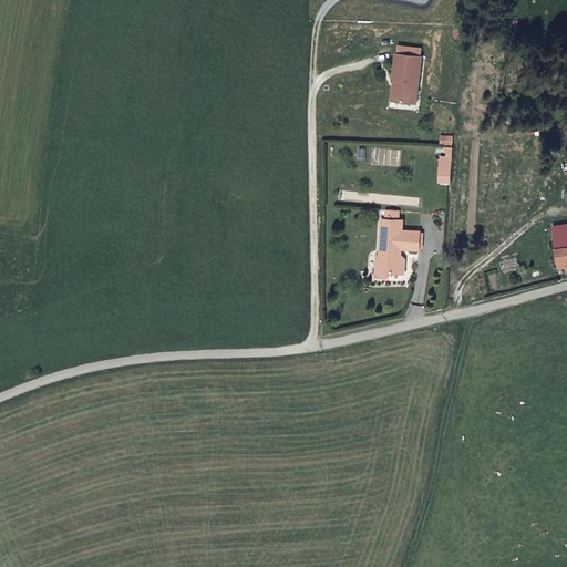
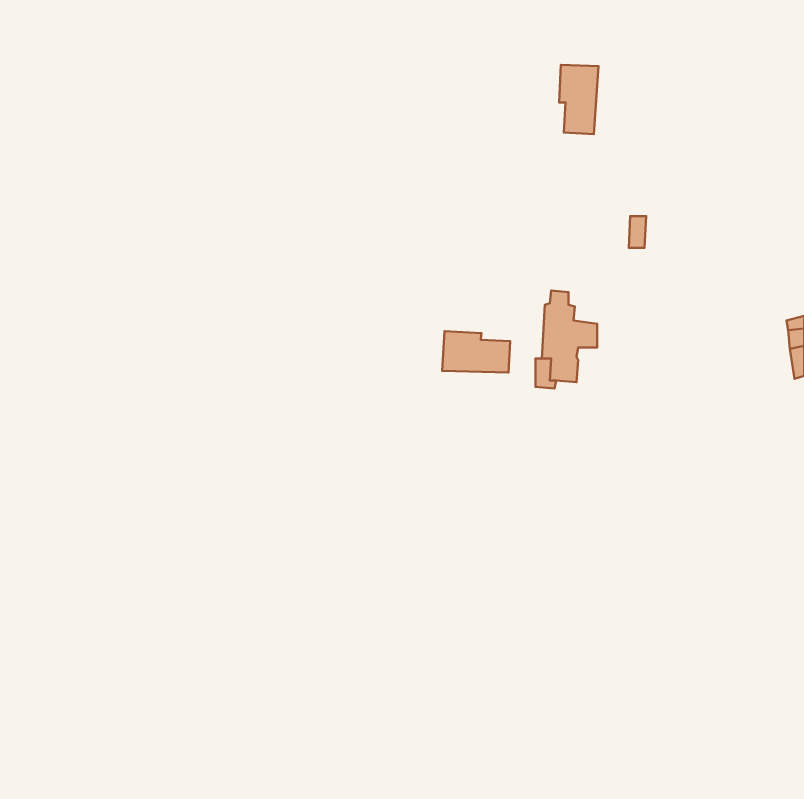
building: none -> [442,331,510,373]

